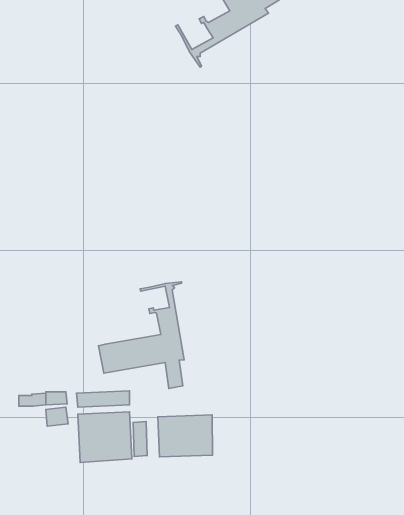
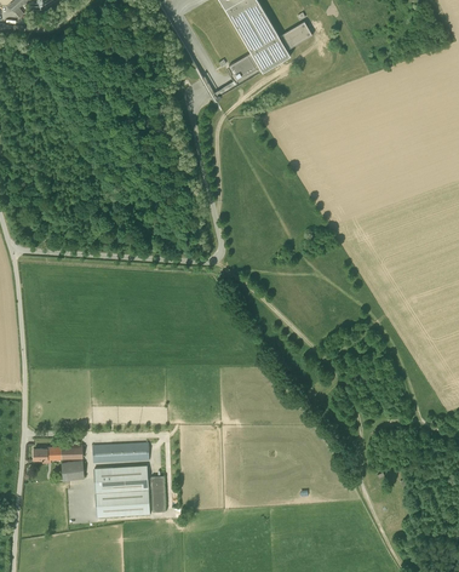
building: [99,282,184,388] -> none
building: [158,415,213,457] -> none

